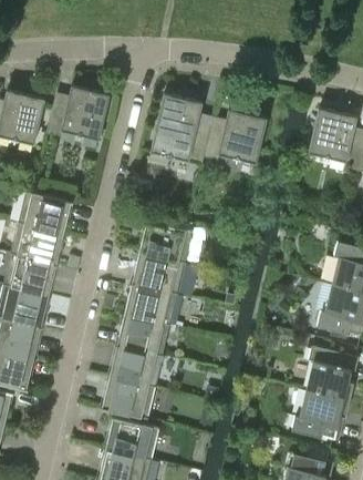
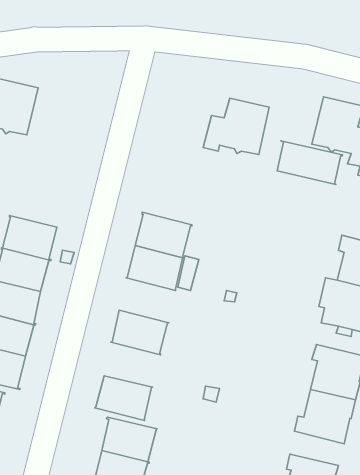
building: [46,86,110,141] -> none
building: [149,94,211,165] -> none
building: none -> [277,141,343,184]
building: [18,191,73,234] -> none
building: [123,283,177,326] -> none
building: [108,345,163,388] -> none

